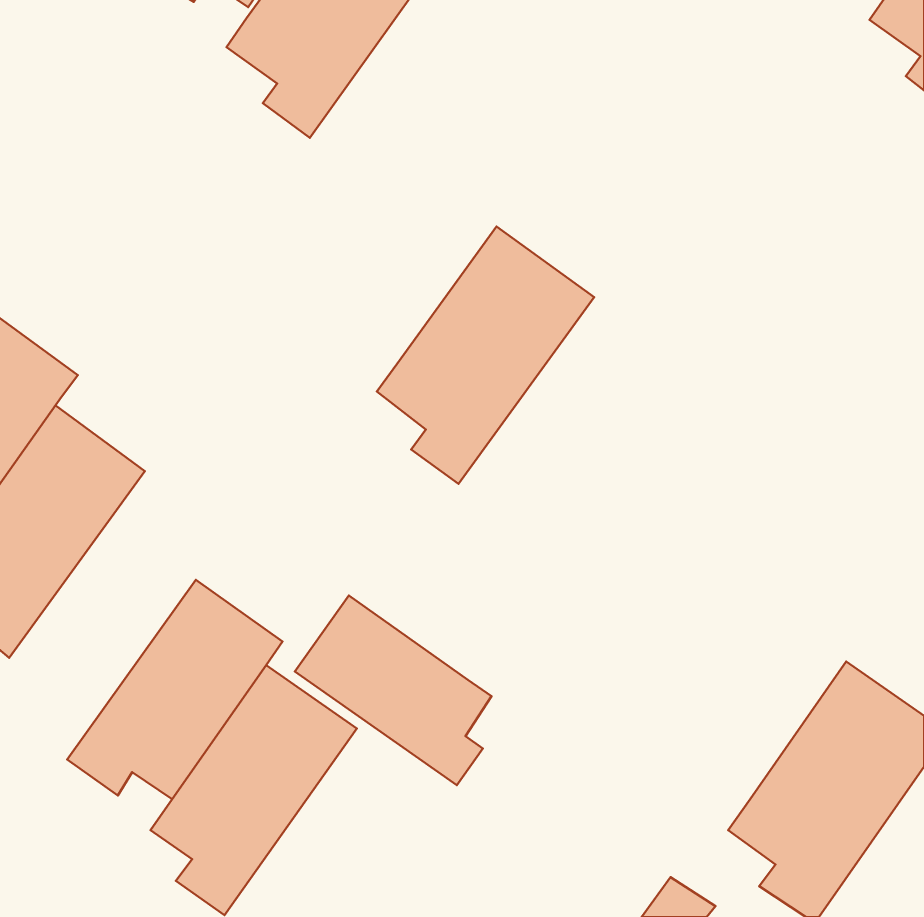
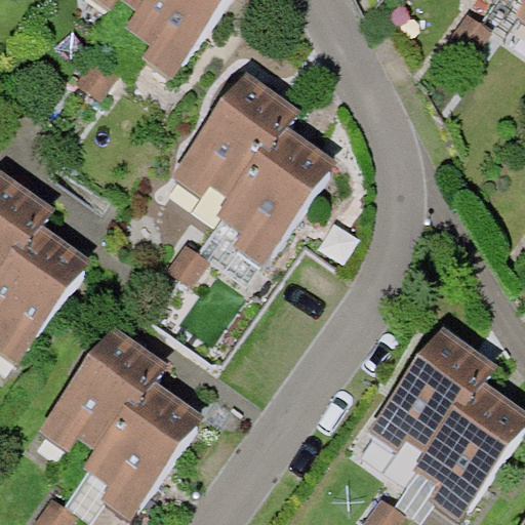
building: none -> [154,74,277,198]
building: none -> [367,327,490,452]
building: [295,595,492,785] -> none

